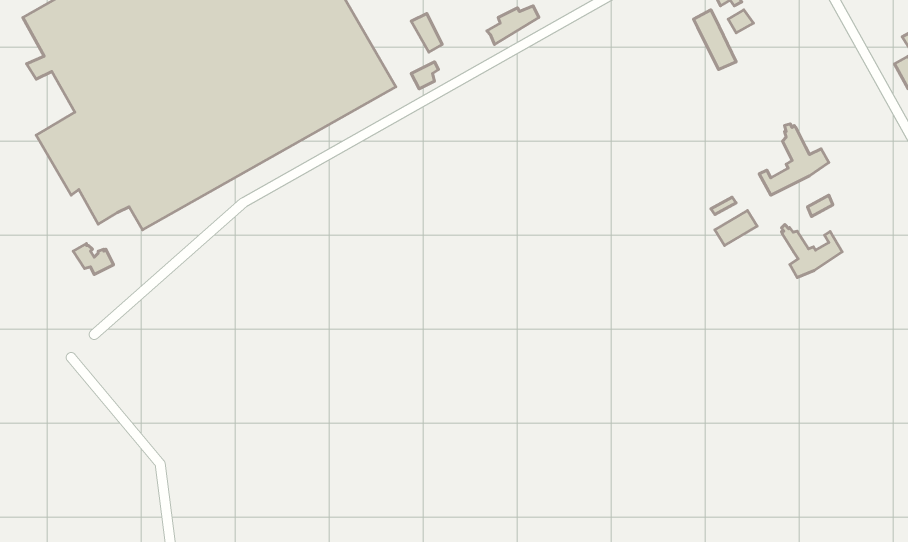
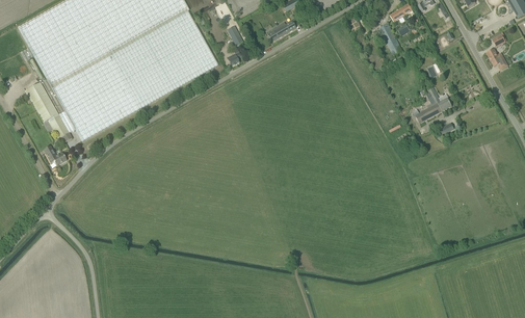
building: [782,224,842,278] -> none

